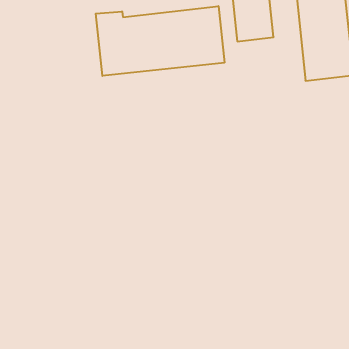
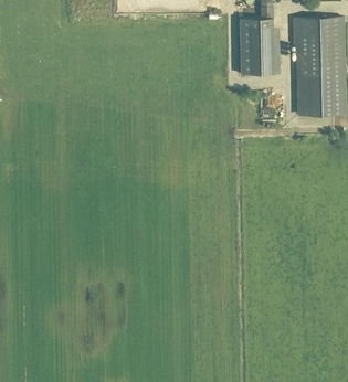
building: [96,6,224,76] -> none

